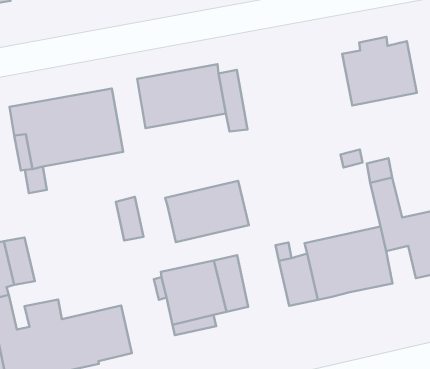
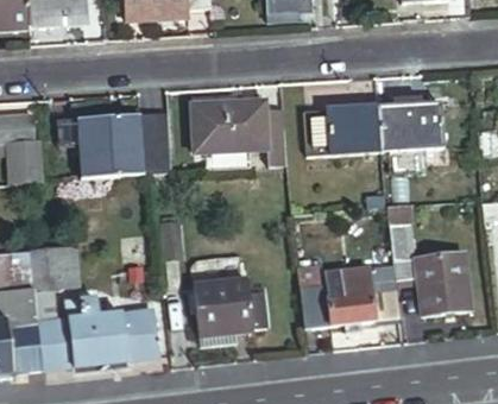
building: none -> [302,105,382,154]
building: [165,181,249,242] -> none

